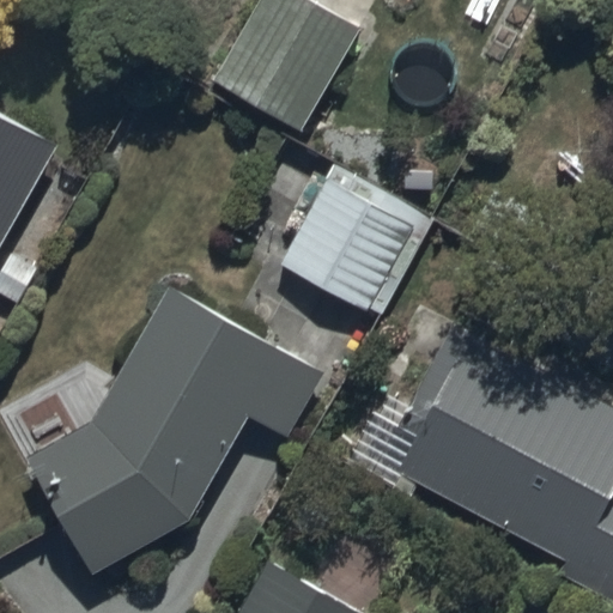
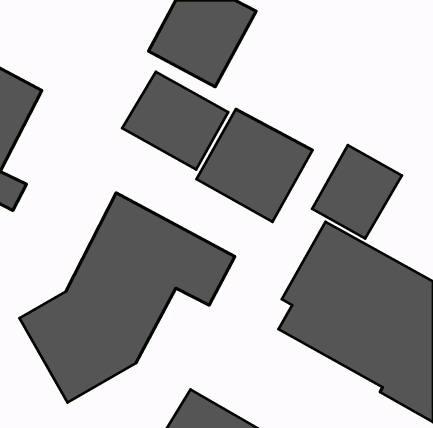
building: none -> [122,72,228,169]
building: none -> [312,145,402,238]

